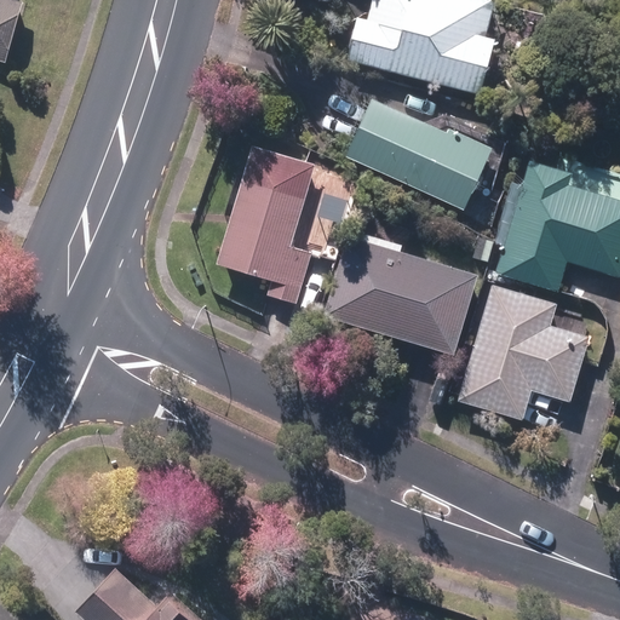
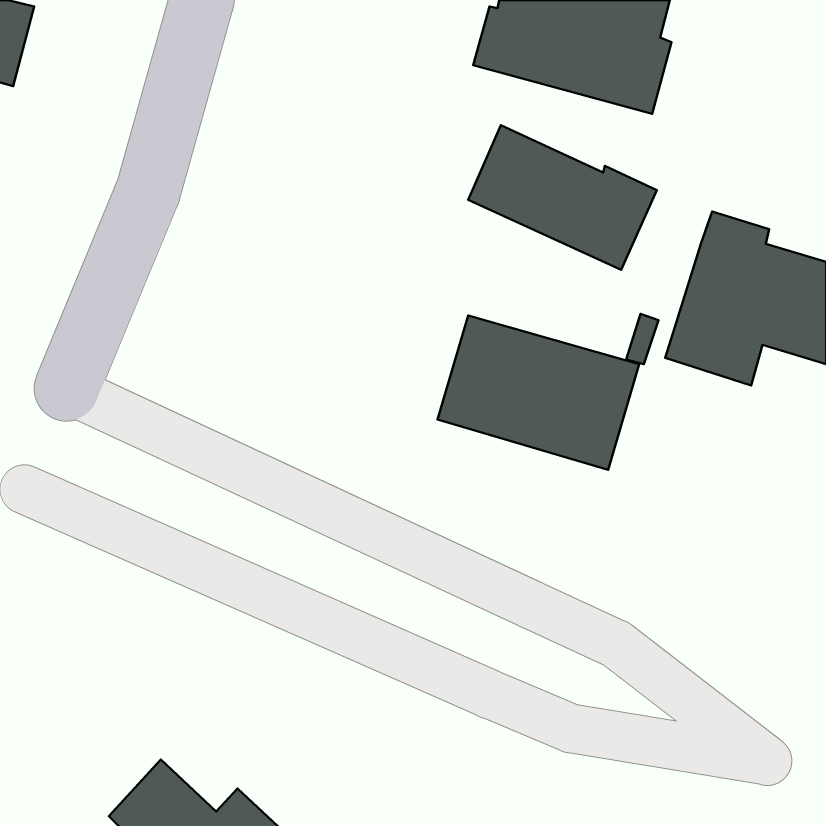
building: [218,168,308,298] -> none
building: [455,286,584,420] -> none

